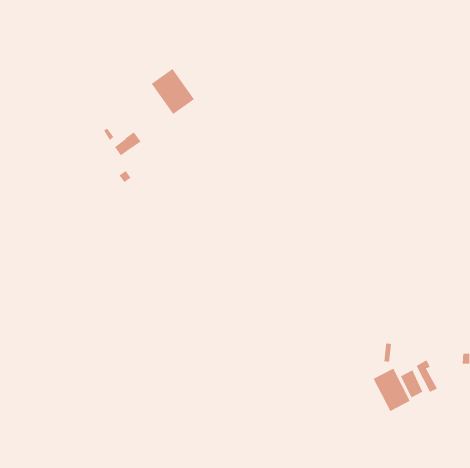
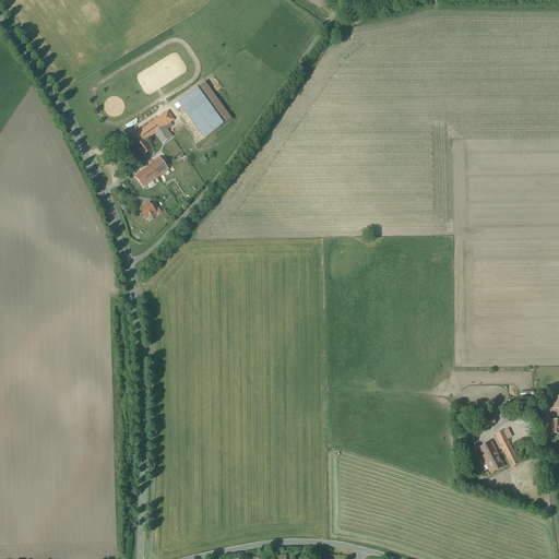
building: none -> [130,109,174,154]
building: [373,368,411,412] -> none

